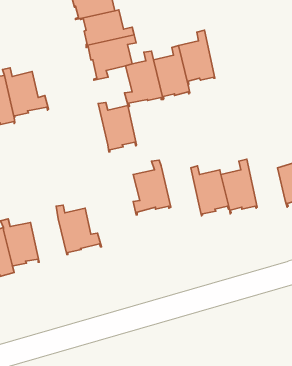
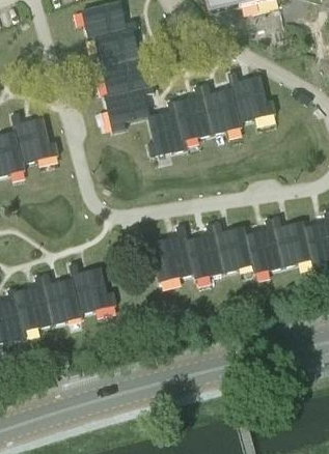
building: none -> [231,75,280,127]
building: [98,103,137,152] -> [185,221,226,274]
building: none -> [277,214,319,266]
building: none -> [43,275,84,328]

